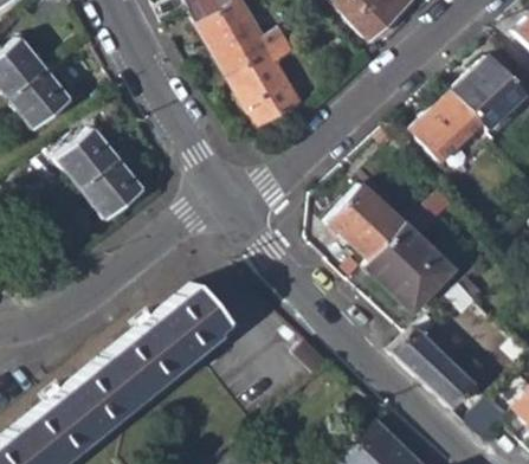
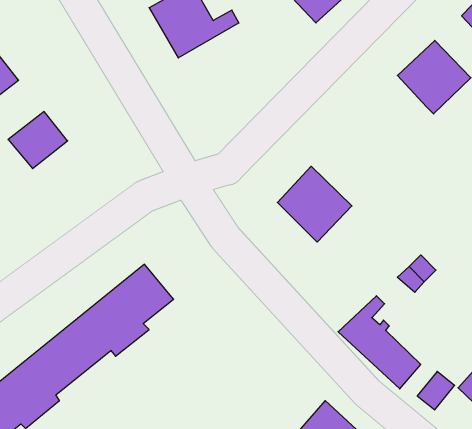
building: [230,39,299,123] -> none
building: [412,92,482,162] -> none
building: [82,159,142,219] -> none
building: [365,225,453,315] -> none

